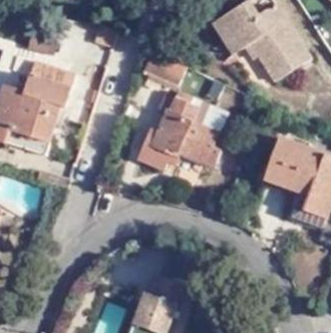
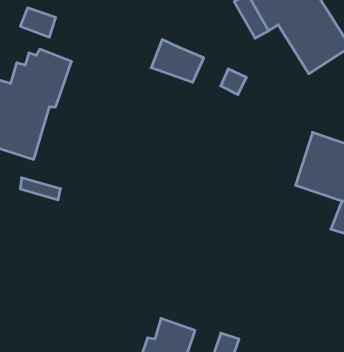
building: [131,88,221,171] -> none

